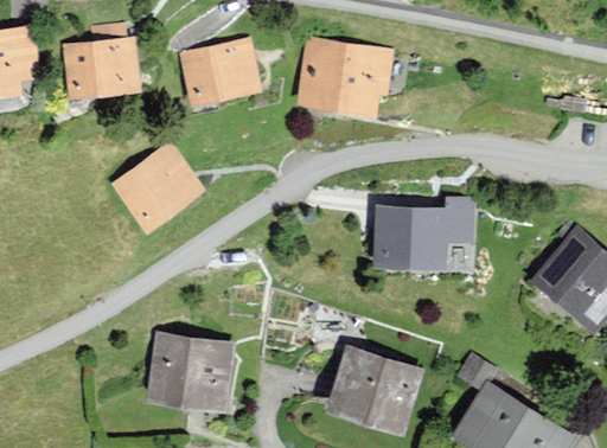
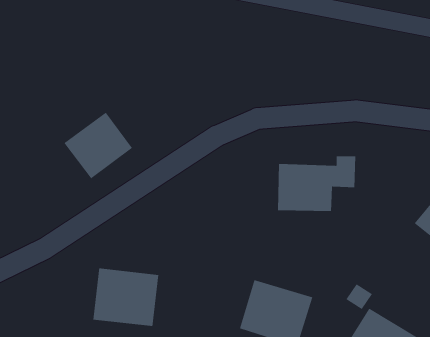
building: [65,23,135,94] -> none
building: [299,38,391,111] -> none
building: [184,40,256,102] -> none

